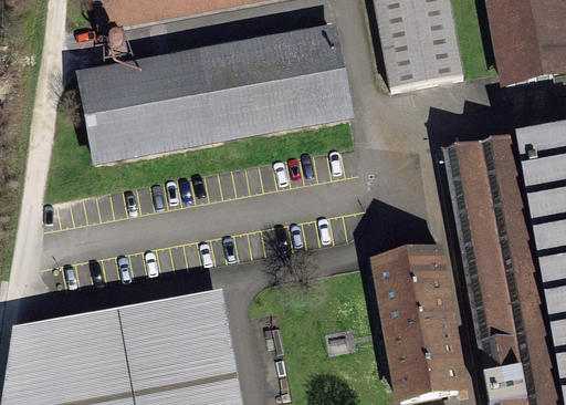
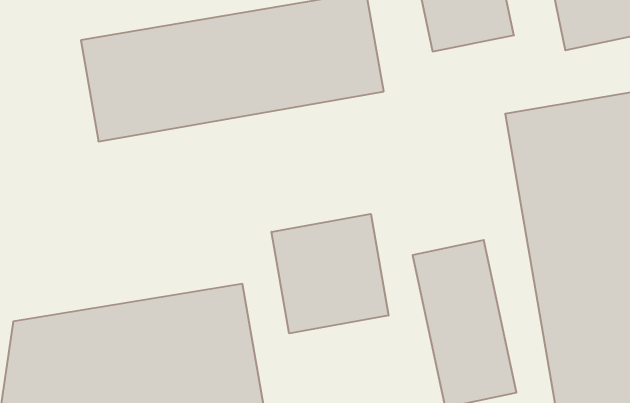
building: none -> [272,214,388,333]

